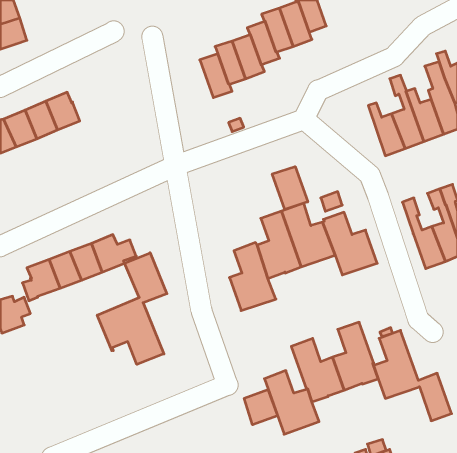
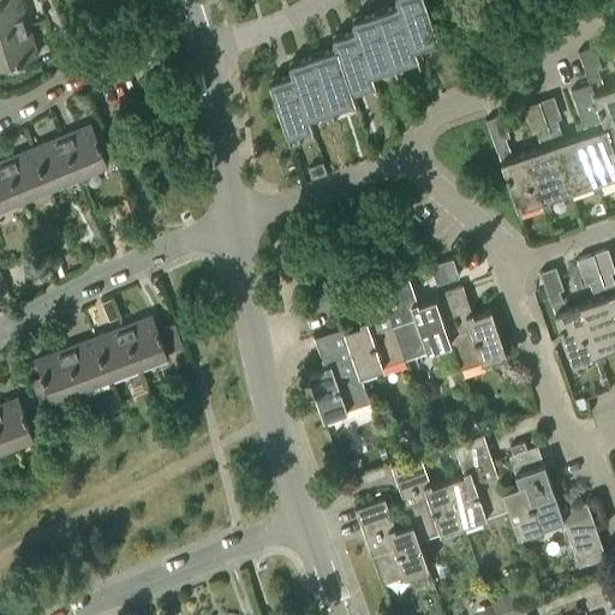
building: [272,167,308,209] -> none
building: [97,253,167,364] -> none
building: [244,389,278,425] -> none

